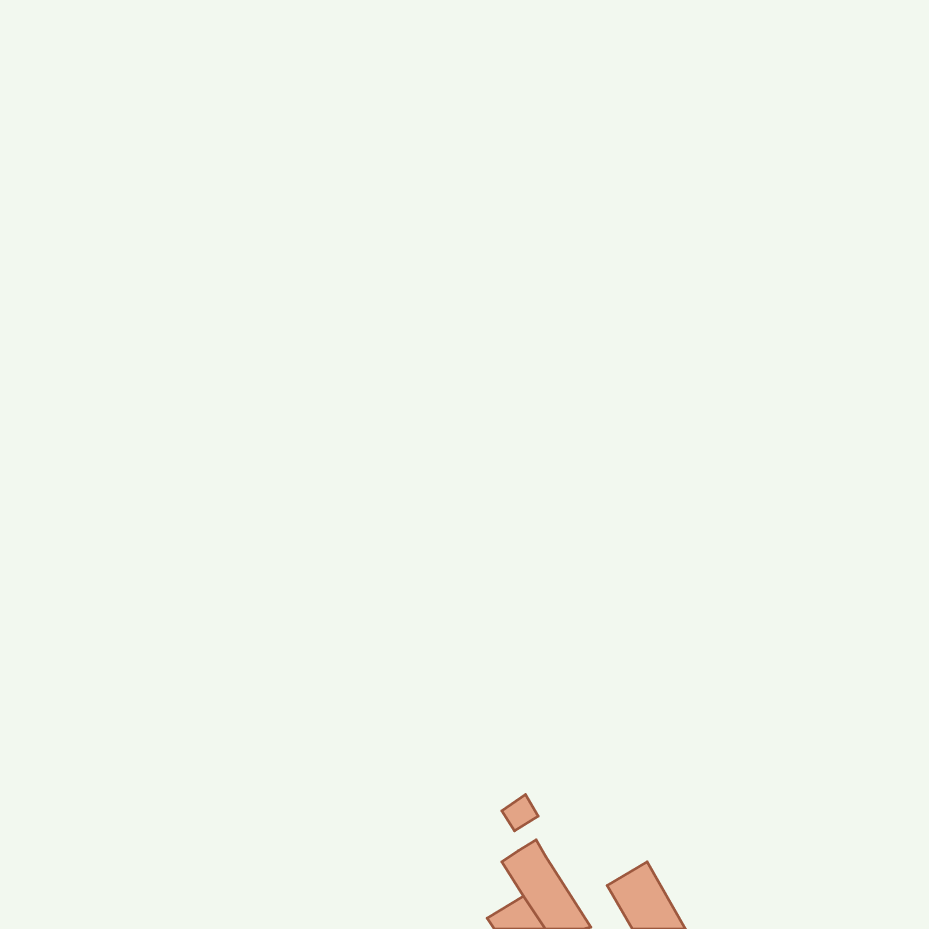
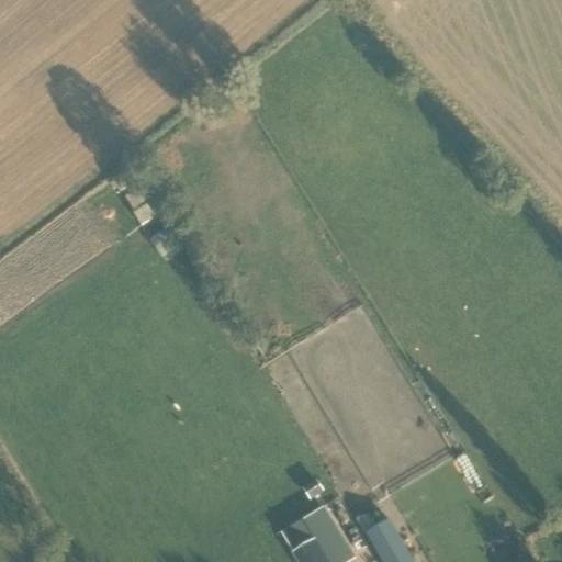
building: none -> [281,520,316,554]

